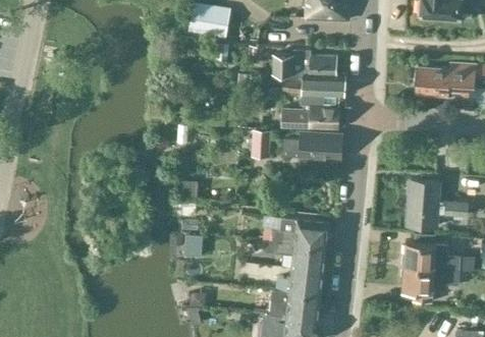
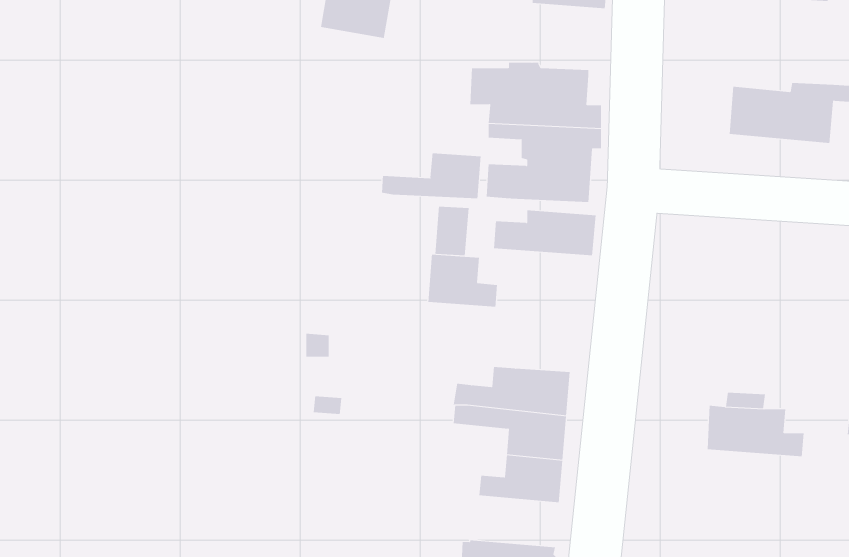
building: none -> [381,153,481,199]
building: none -> [428,254,498,308]
building: [407,179,469,226] -> none
building: [400,266,455,302] -> none
building: [271,291,321,320] -> none

